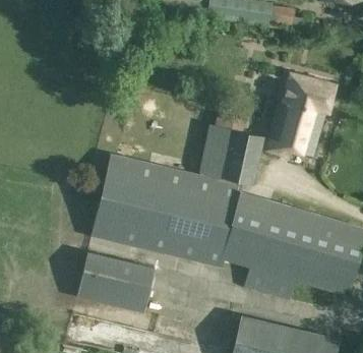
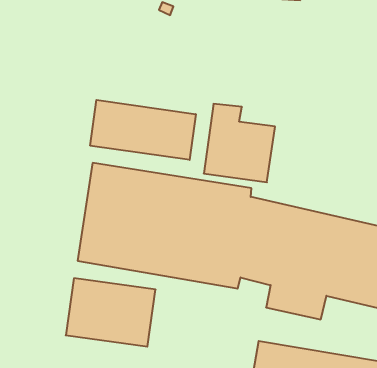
building: [266,71,338,157] -> none
building: none -> [90,100,196,160]

